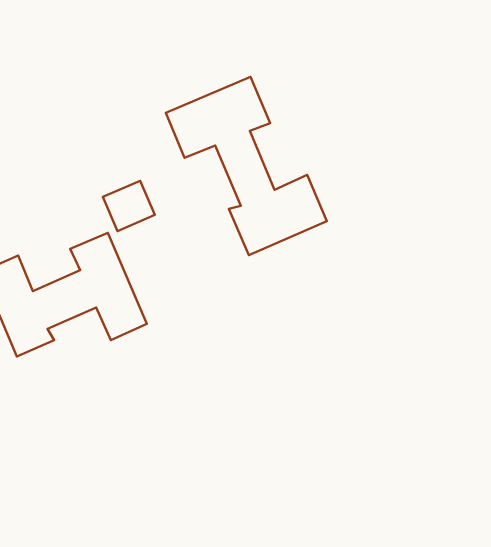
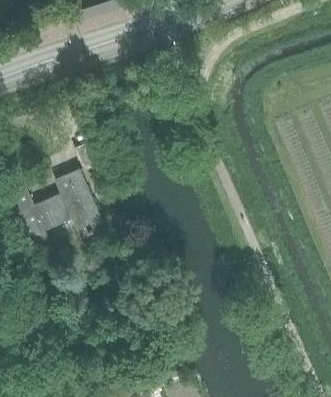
building: [166,77,327,255] -> none

